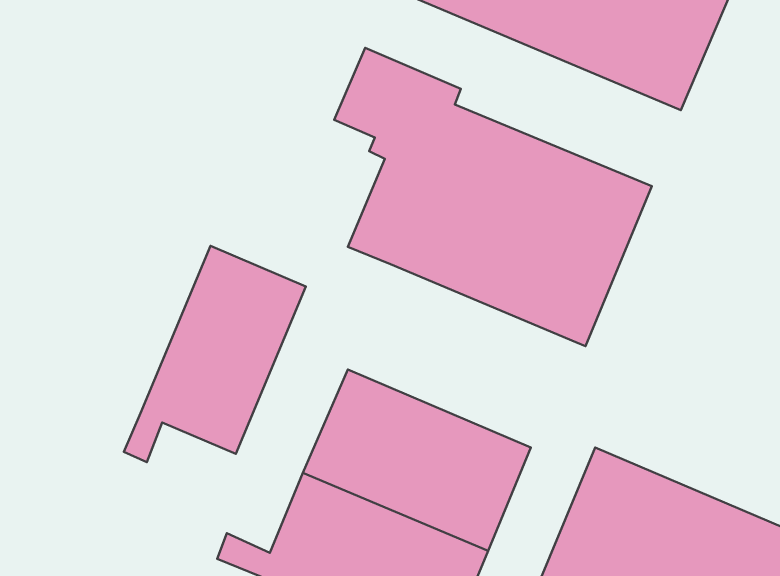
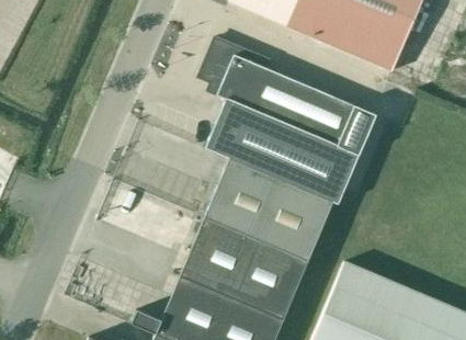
building: [124,246,306,462] -> none
building: none -> [205,158,333,261]

